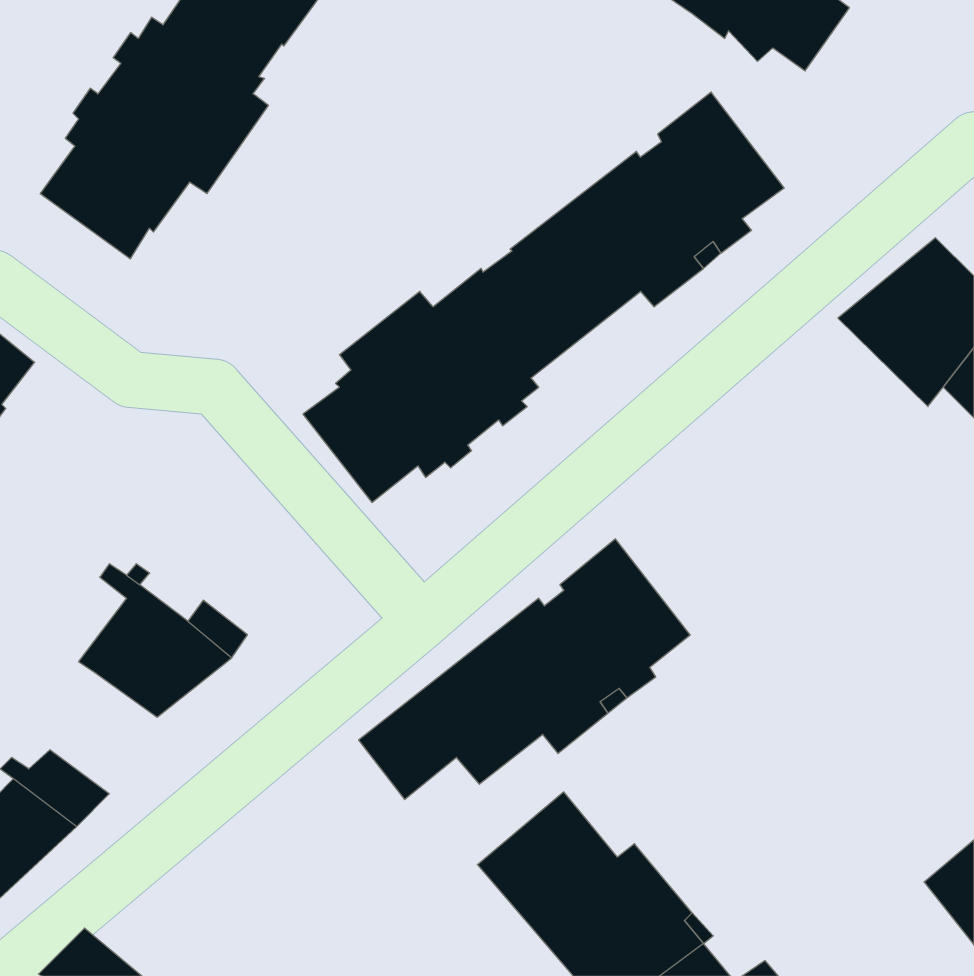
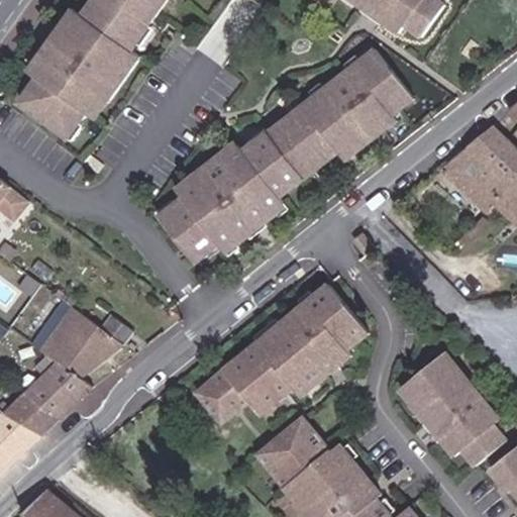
building: none -> [397,349,502,462]
building: none -> [26,354,93,418]

